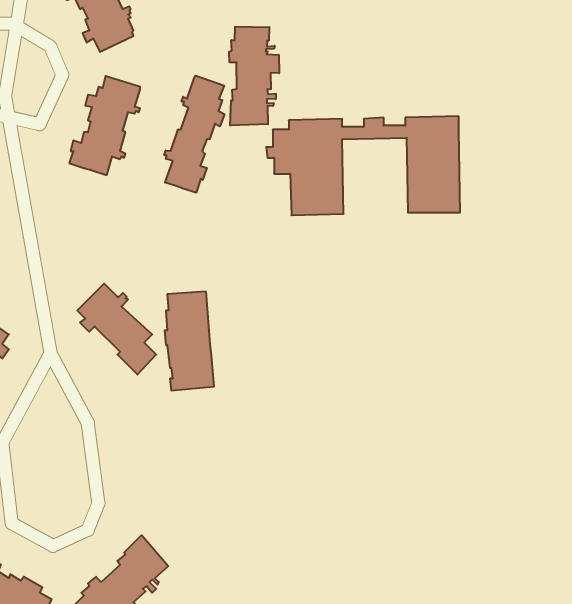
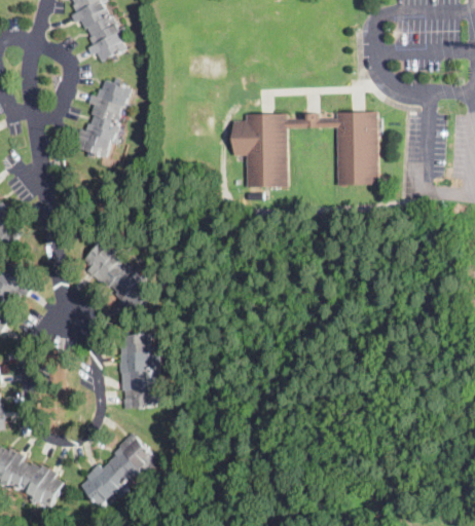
building: [229,27,279,126] -> none
building: [164,76,224,193] -> none
building: [165,292,214,391] -> [118,332,156,408]

